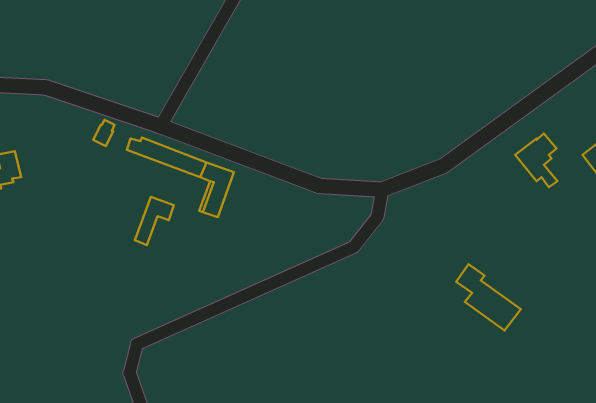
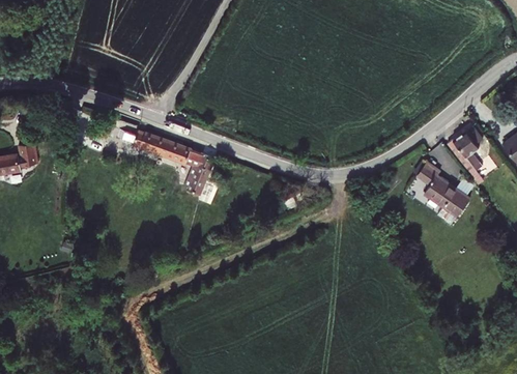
building: [135,197,174,245] -> none
building: [456,264,521,330] -> [417,162,470,217]

